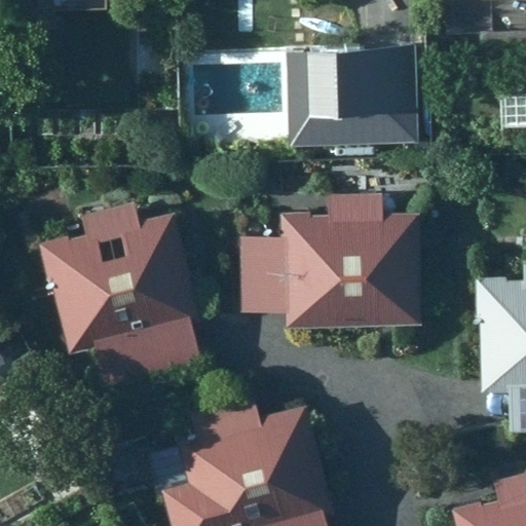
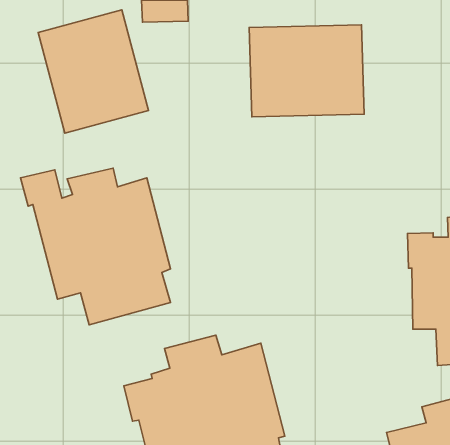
building: none -> [38,10,149,133]
building: [240,193,420,328] -> none

